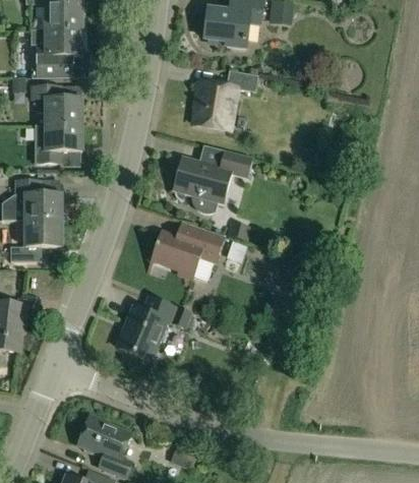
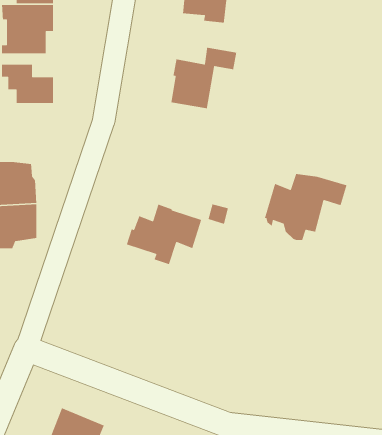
building: [36,124,81,163] -> none
building: [173,146,253,212] -> [264,173,347,241]
building: [117,295,190,359] -> none

